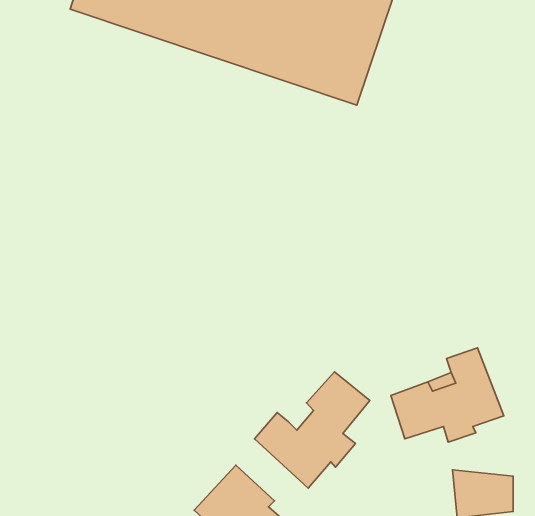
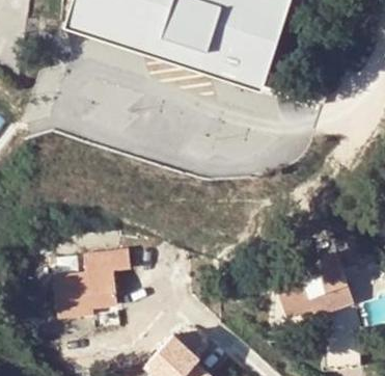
building: none -> [56,250,131,316]
building: [255,372,370,488] -> none

